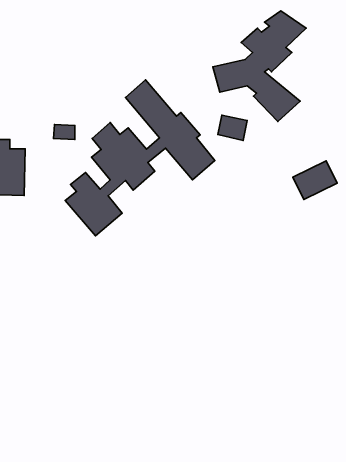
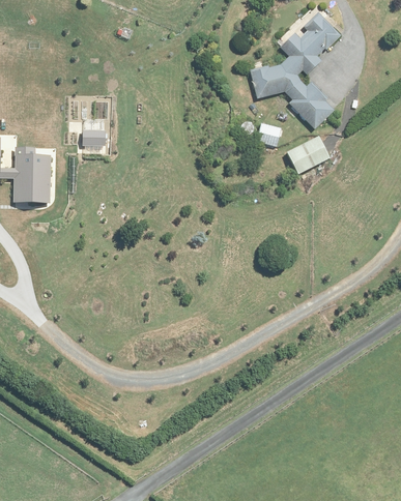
building: [65,80,215,236] -> none
building: [293,161,337,199] -> [282,134,327,173]

